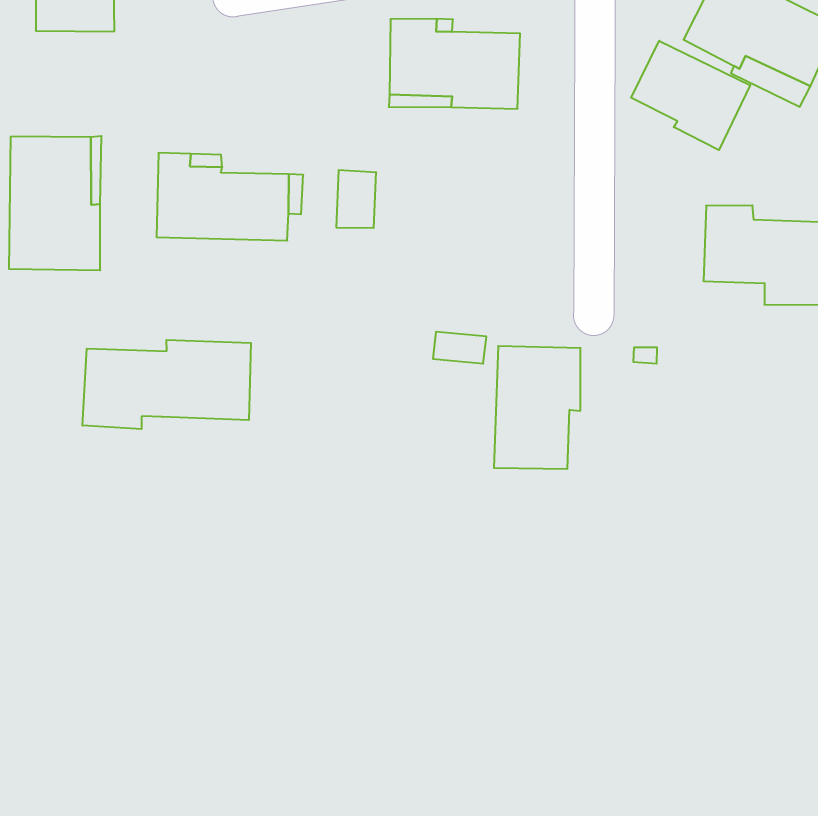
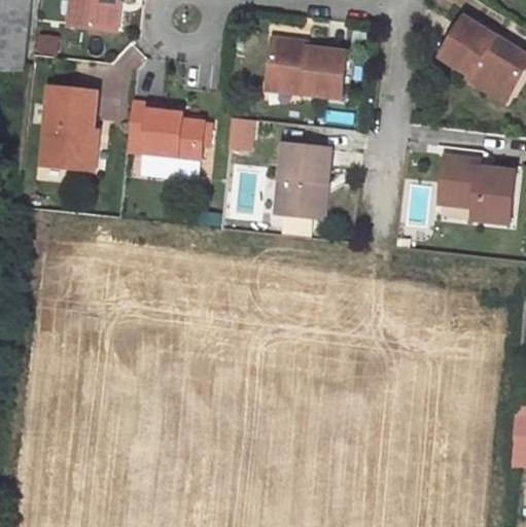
building: [631,41,750,150] -> none
building: [82,340,251,429] -> none
building: [494,346,581,469] -> [276,141,331,215]

